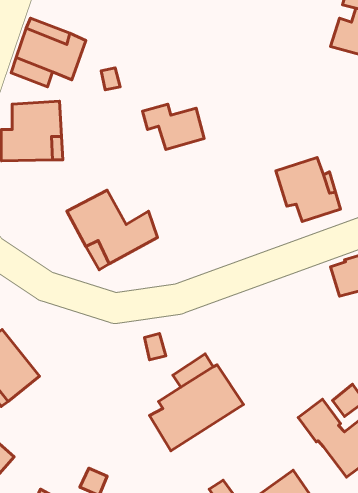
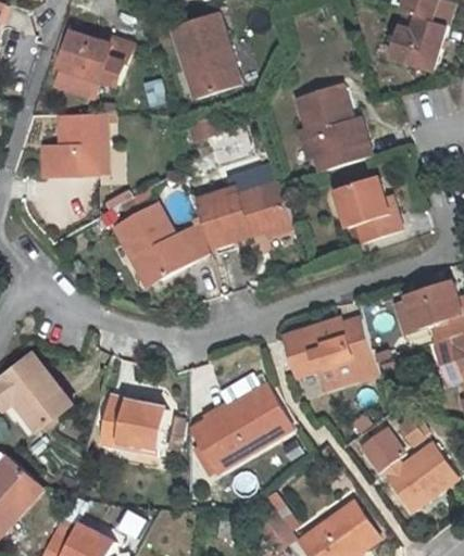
building: none -> [165,9,234,96]
building: none -> [296,84,369,174]
building: none -> [193,181,288,249]
building: none -> [279,317,373,393]
building: none -> [108,403,173,454]

